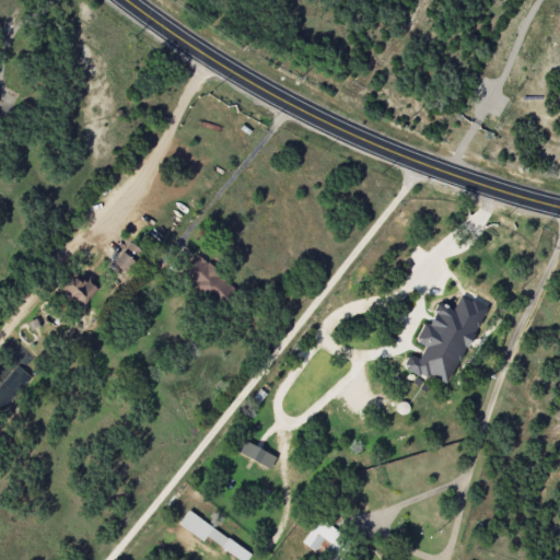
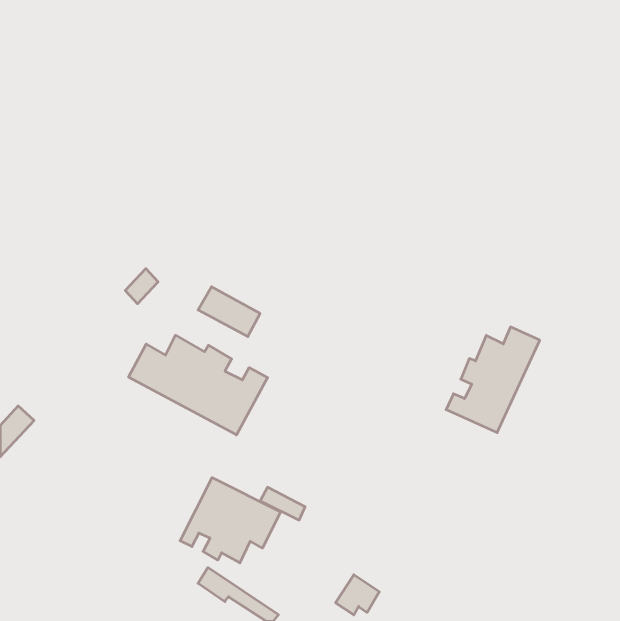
building: [60,275,102,307] -> none
building: none -> [129,335,268,435]
building: none -> [180,478,281,563]

